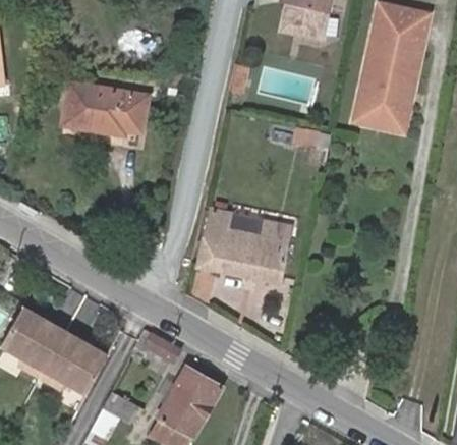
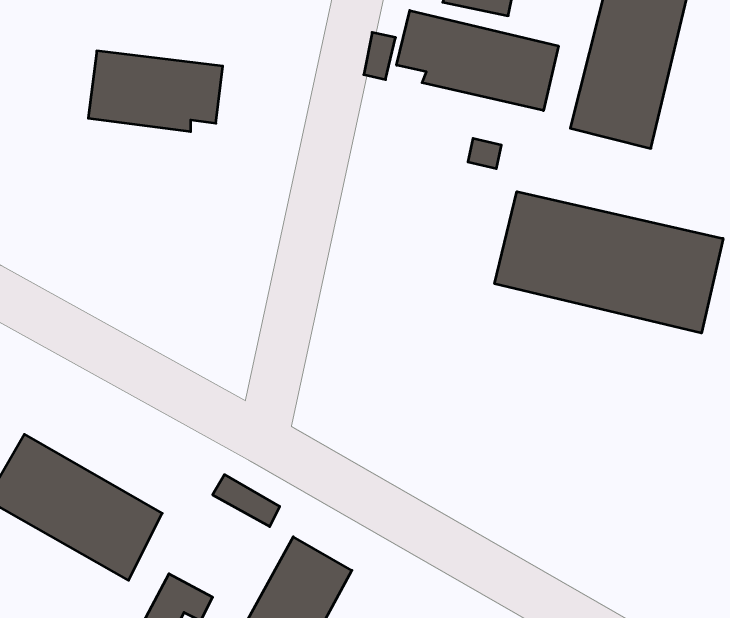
building: none -> [397,10,558,111]
building: none -> [495,192,723,333]
building: [198,210,294,286] -> none

